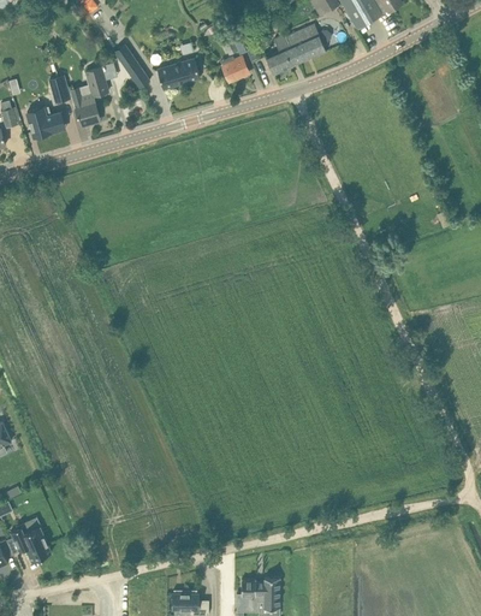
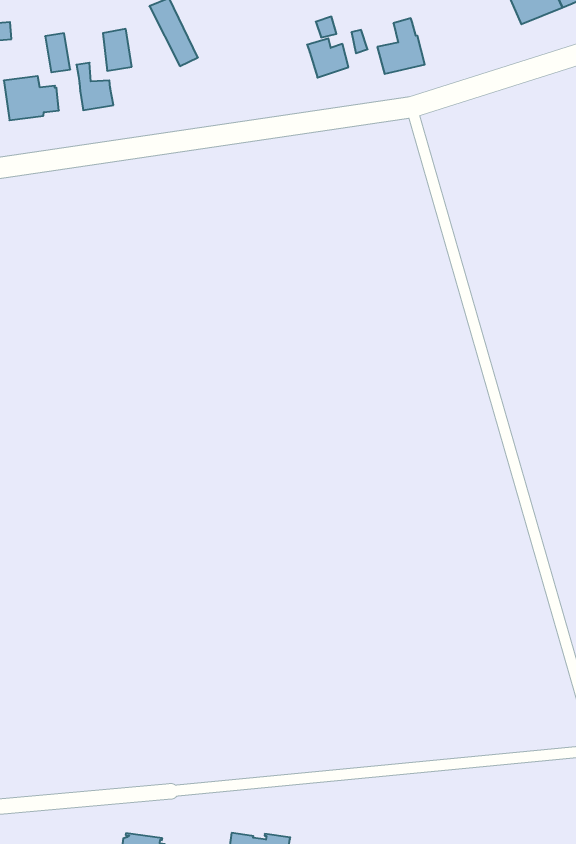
building: [286,23,326,63] -> none
building: [158,57,200,88] -> none

